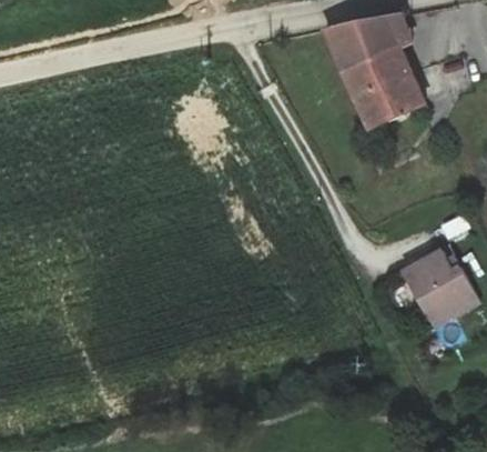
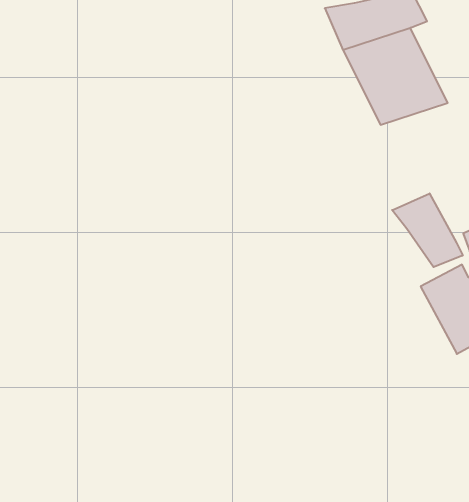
building: none -> [392,193,463,267]

